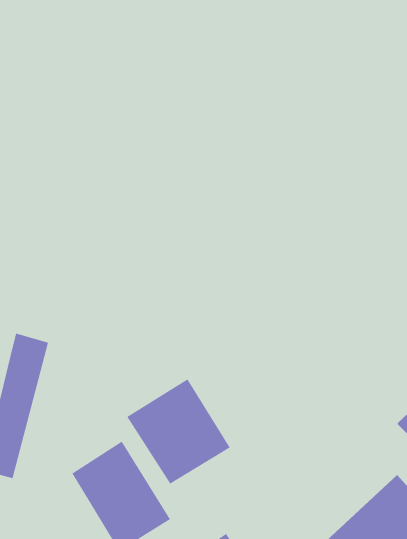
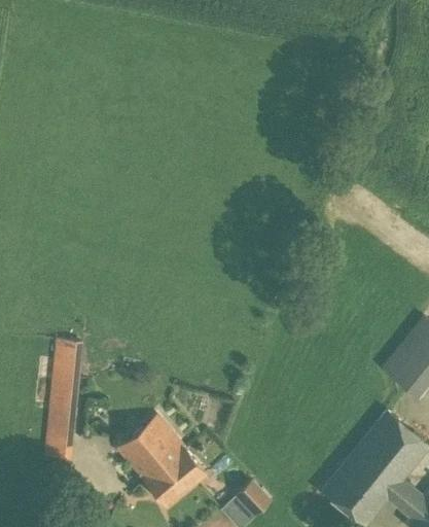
building: [127,379,230,485] -> none

